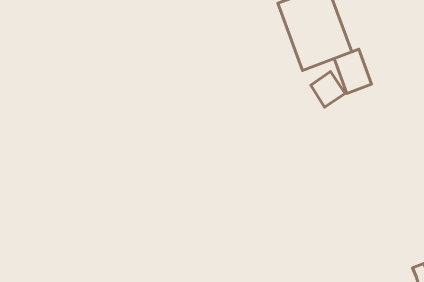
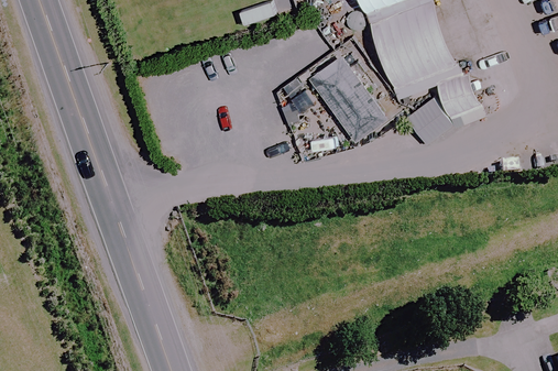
building: none -> [309,56,385,140]

